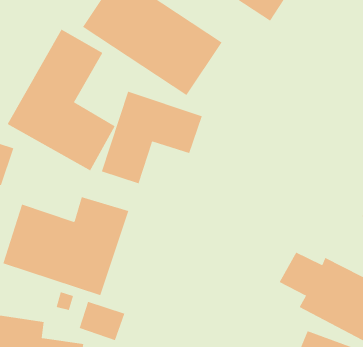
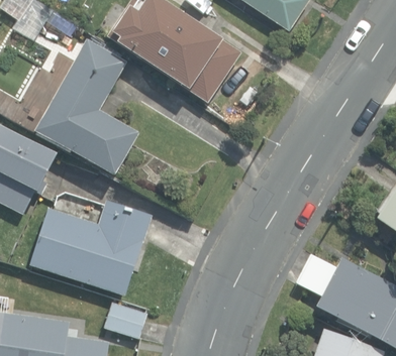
building: [101,91,203,184] -> none

